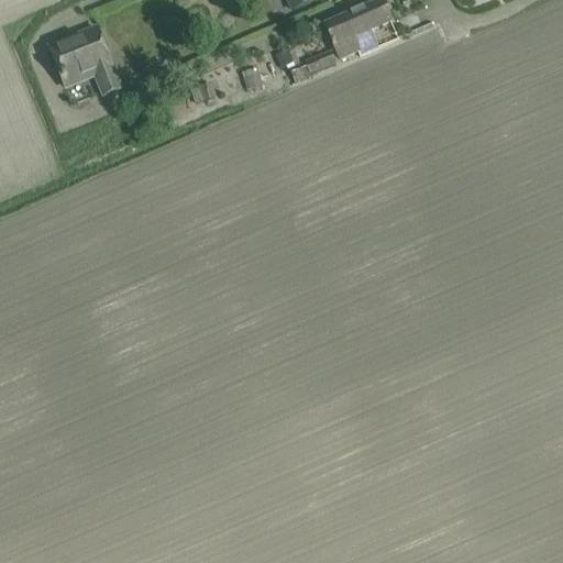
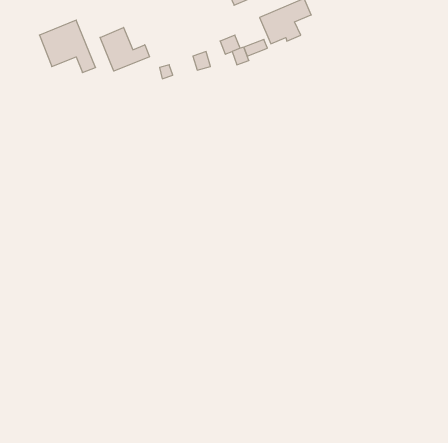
building: none -> [100,27,150,71]

